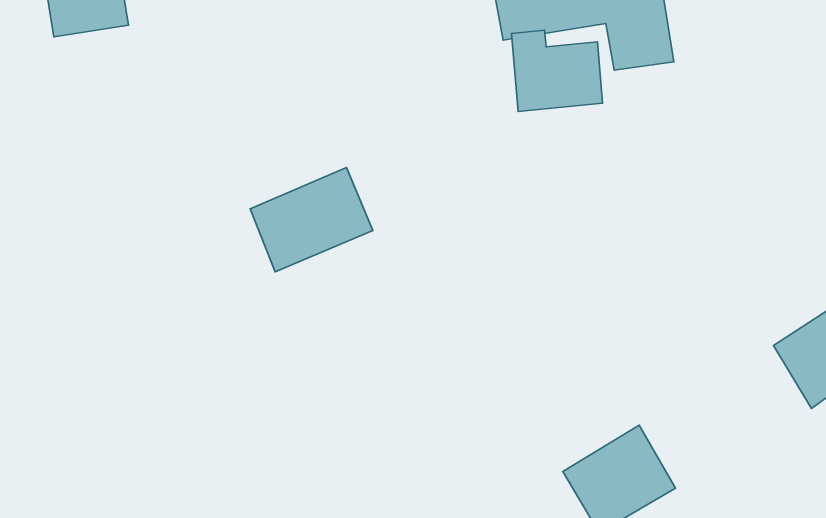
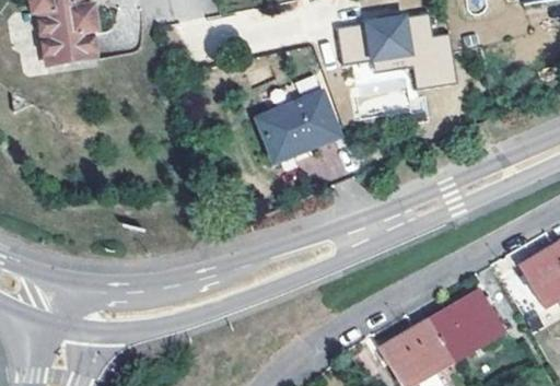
building: [250,167,373,272] -> [259,91,340,160]
building: none -> [433,292,504,361]

